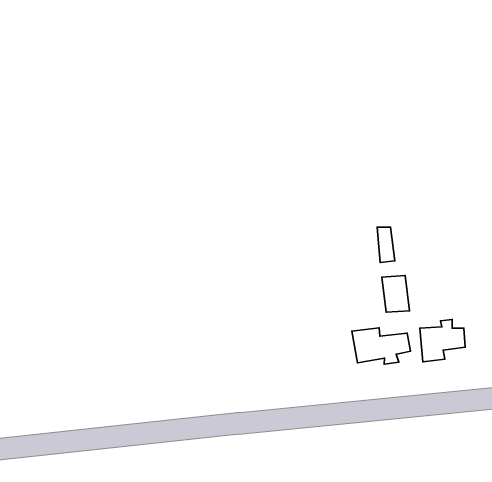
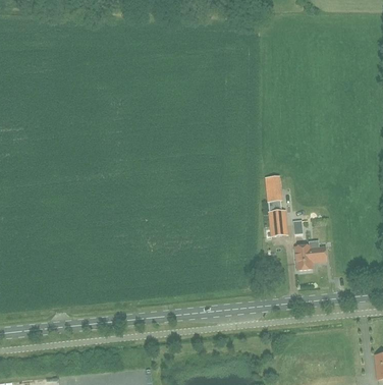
building: [352,328,410,364] -> none

